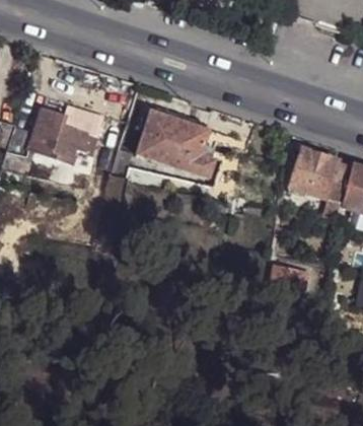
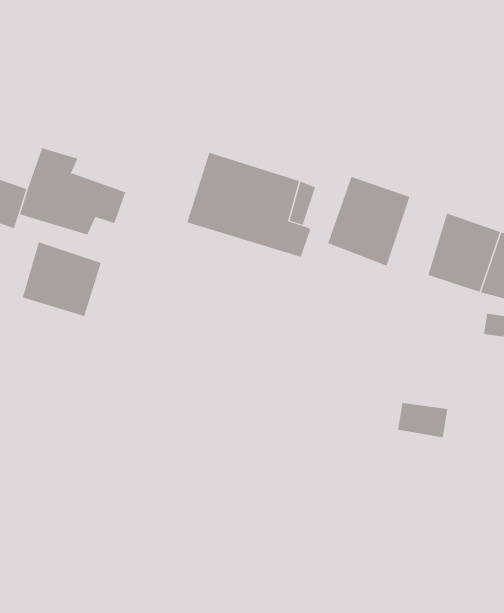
building: none -> [328,176,410,266]
building: none -> [22,241,101,317]

